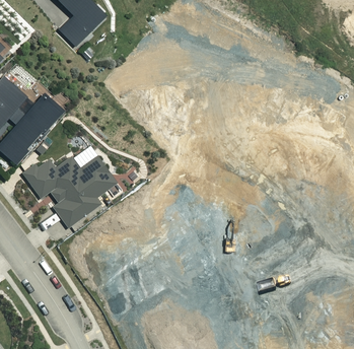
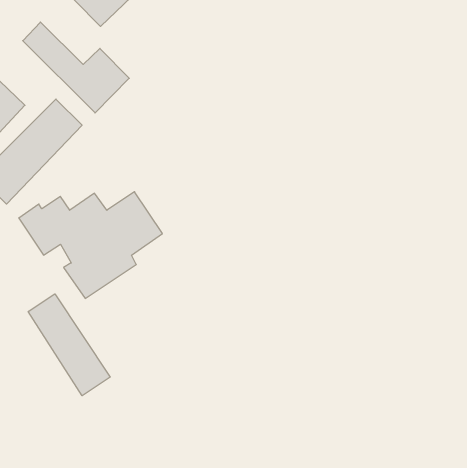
building: none -> [23,22,129,113]
building: none -> [28,294,110,396]

